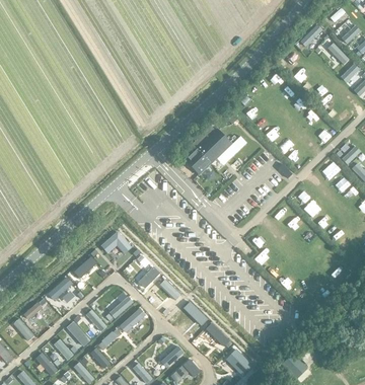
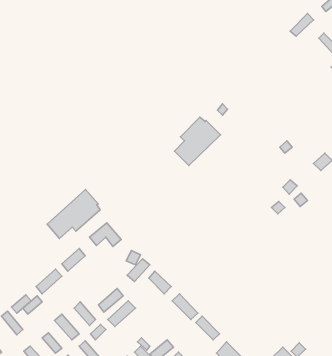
building: none -> [47,189,100,238]

